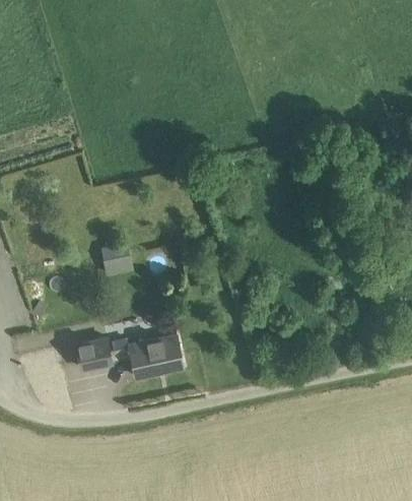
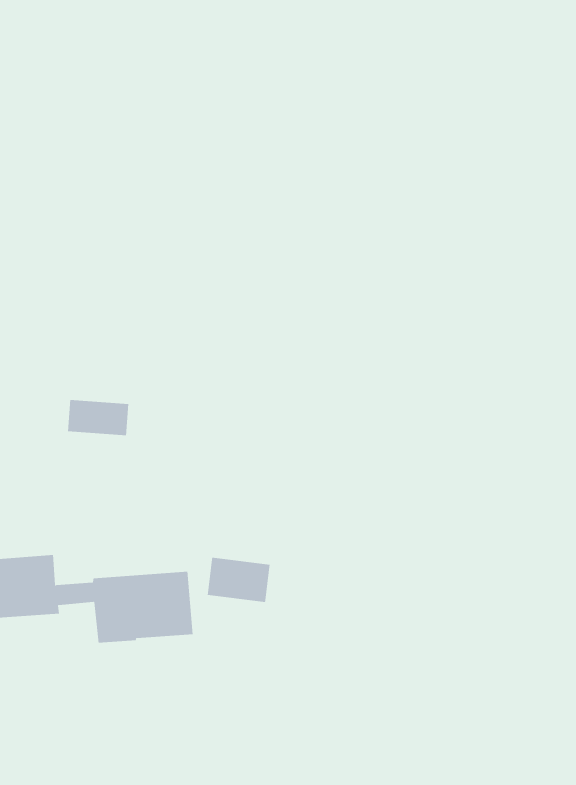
building: none -> [207,557,270,603]

